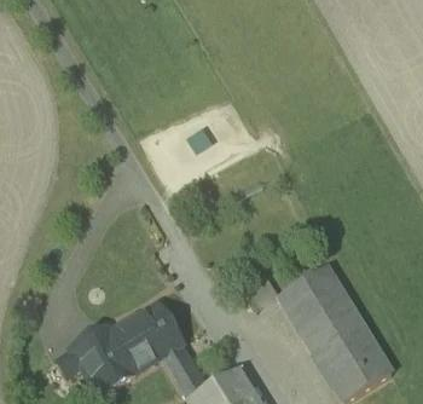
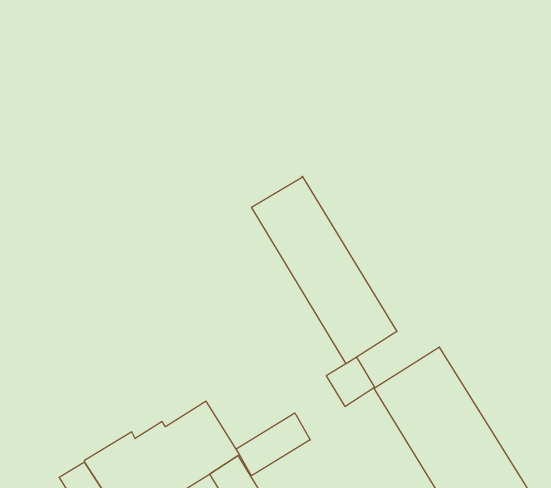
building: none -> [252,176,397,364]
building: none -> [236,413,310,476]

